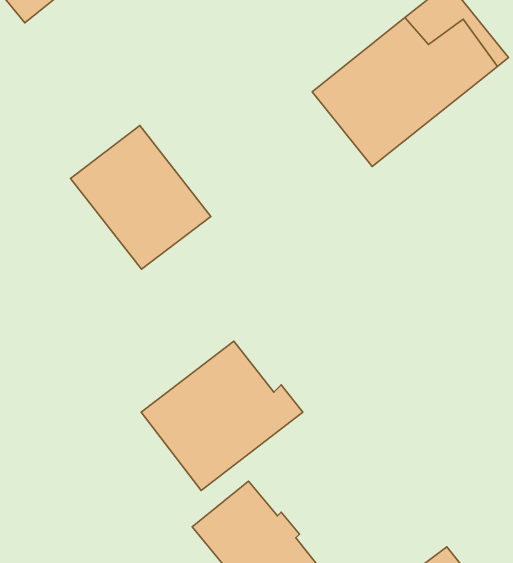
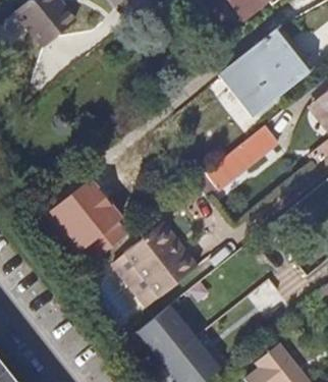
building: [71,126,211,269] -> [51,177,129,258]
building: none -> [203,128,276,193]

